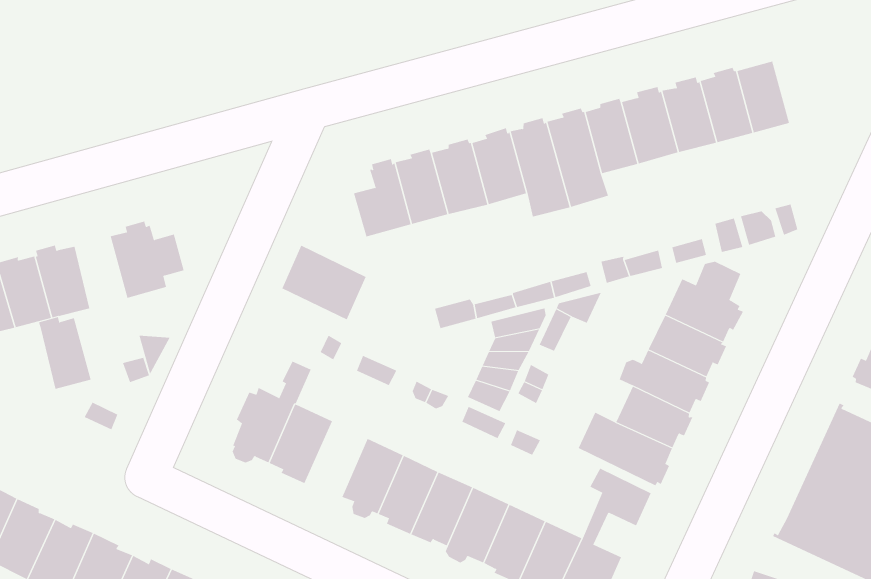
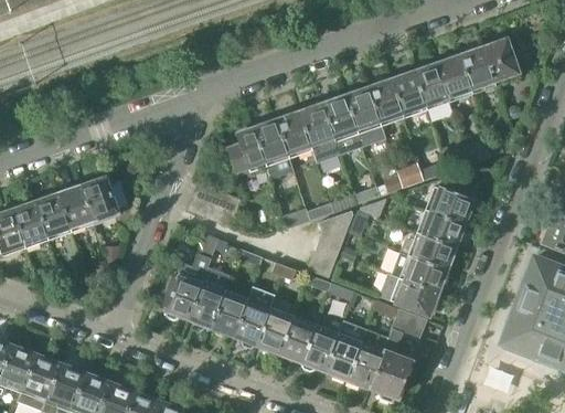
building: none -> [480,38,518,86]
building: [38,316,91,390] -> [57,187,93,232]
building: none -> [211,290,247,337]

